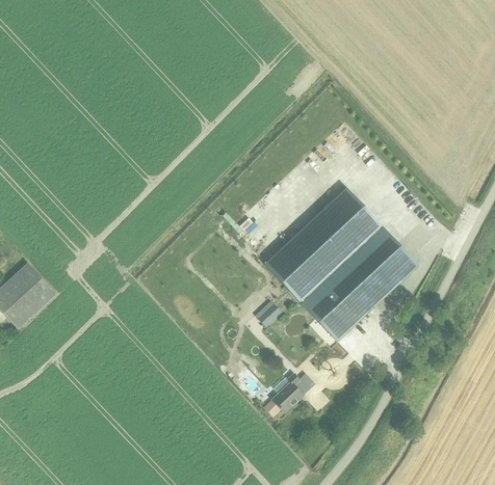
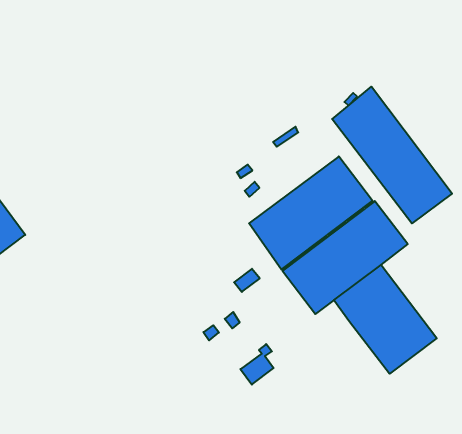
building: none -> [332,87,452,223]
building: none -> [334,265,437,374]

